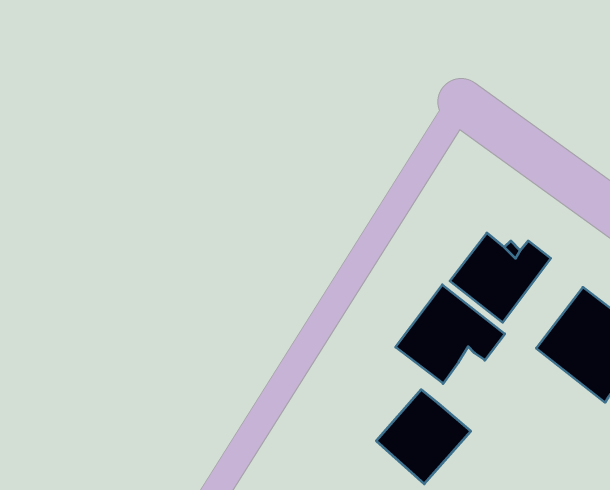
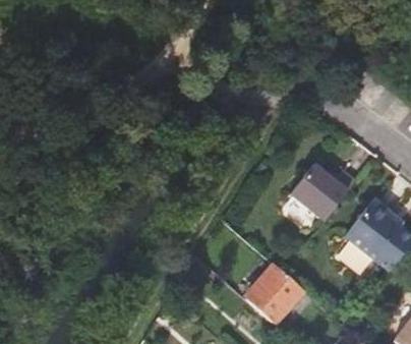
building: [396,285,505,384] -> none

